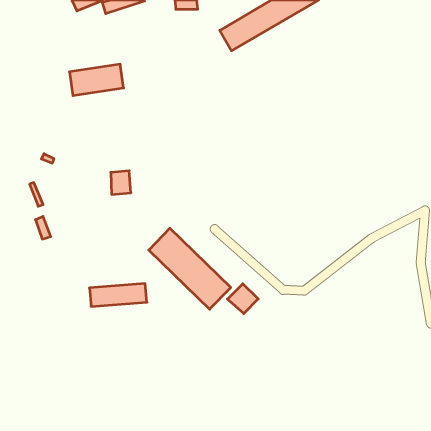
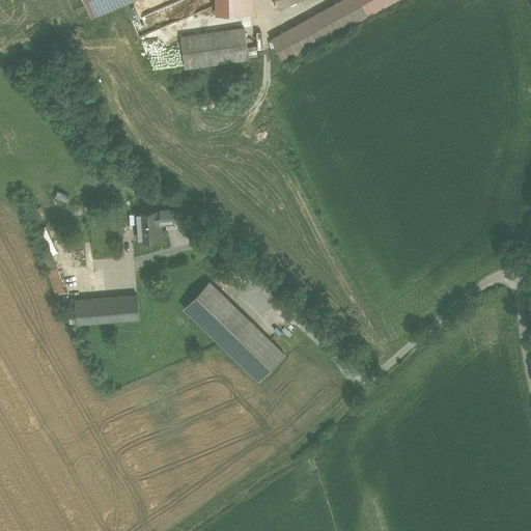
building: [69,64,124,96] -> [180,28,247,66]
building: [89,284,147,306] -> [67,296,138,324]
building: [227,284,258,314] -> none

